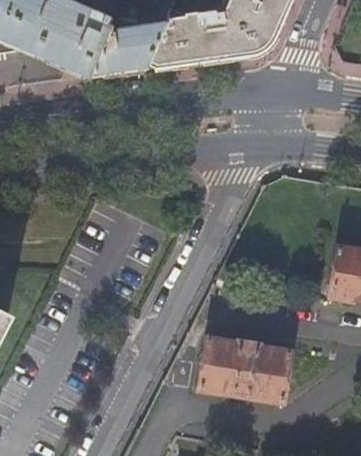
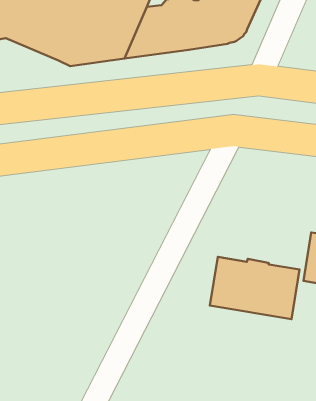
building: [198,338,290,402] -> [210,257,299,319]

